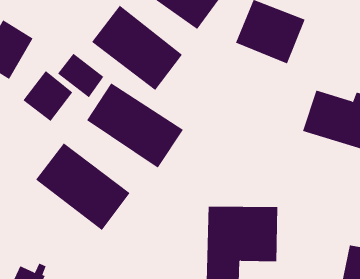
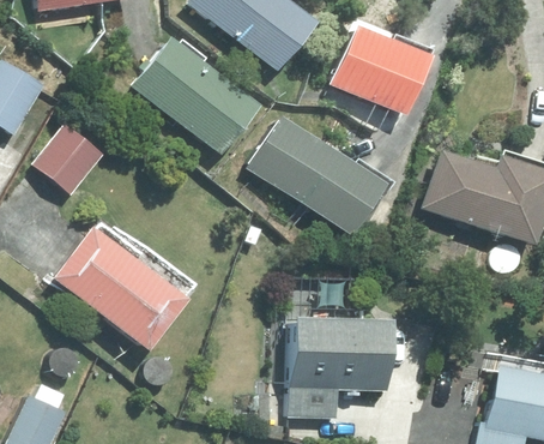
building: [57,53,104,98] -> none
building: [86,82,184,168] -> [247,115,383,235]

